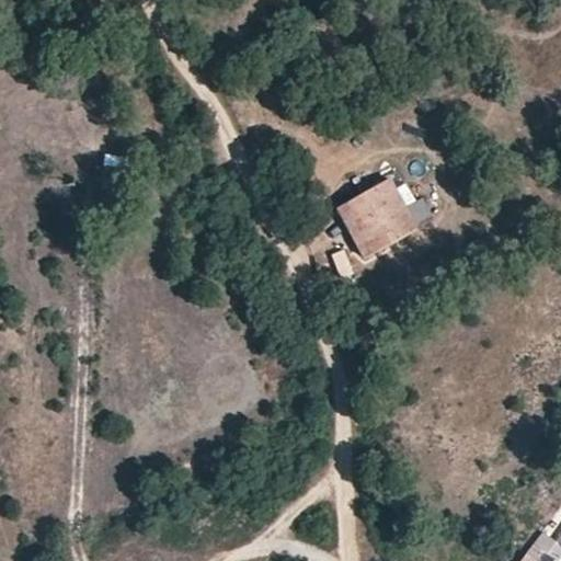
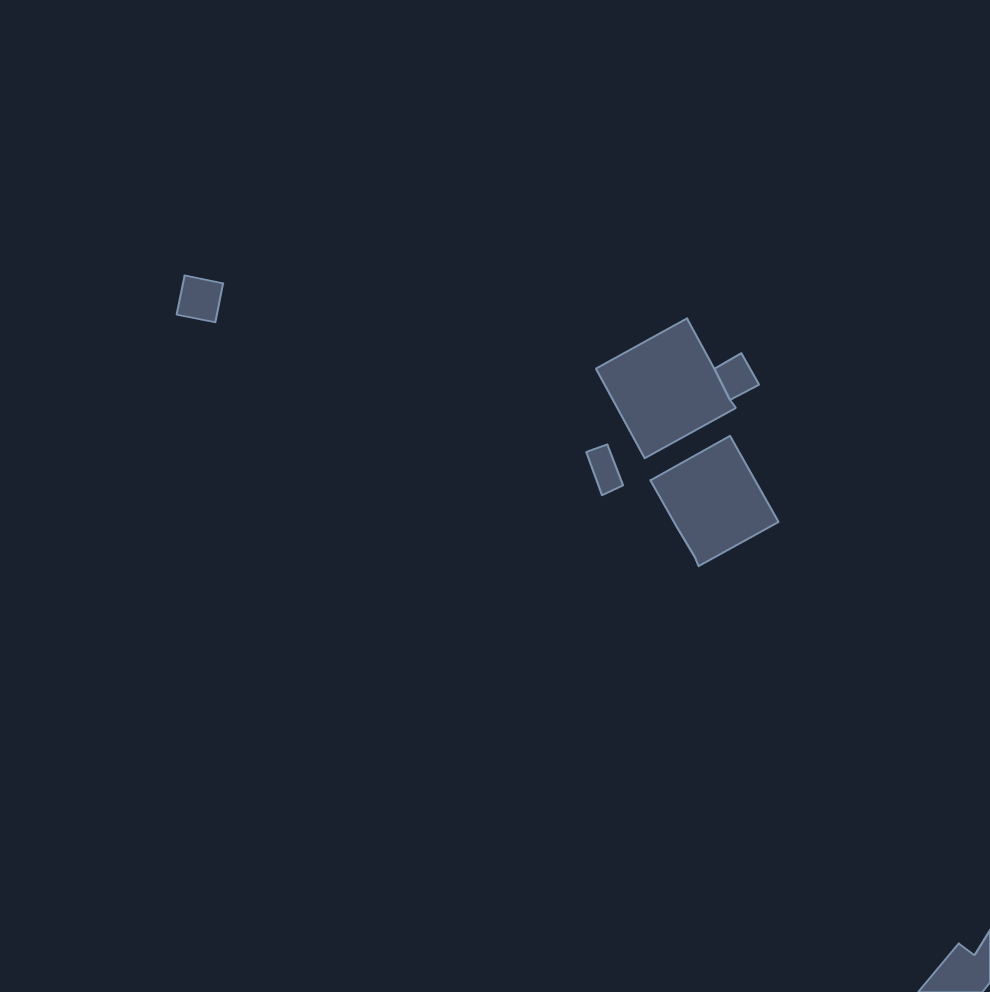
building: none -> [650,436,778,566]

